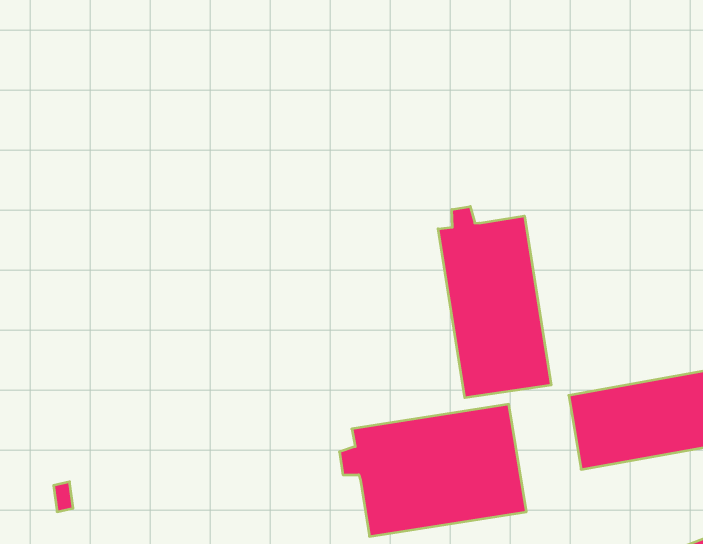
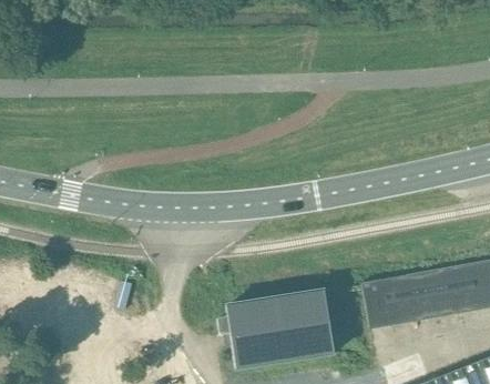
building: [438,206,551,398] -> none

